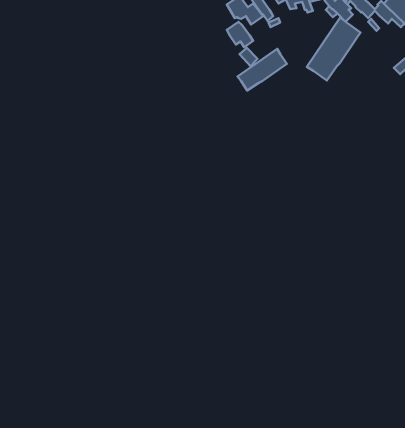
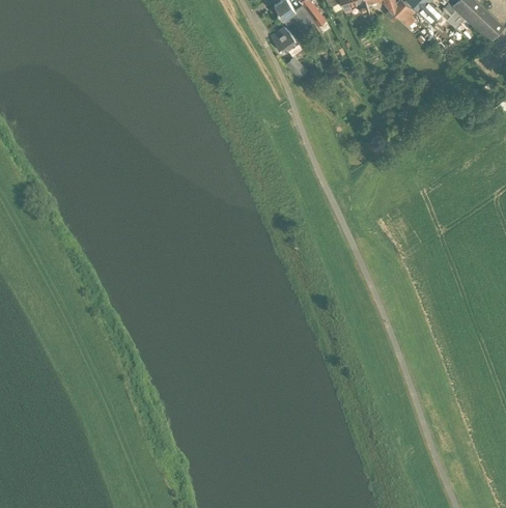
building: [307,18,360,80] -> none
building: [238,49,287,91] -> none

